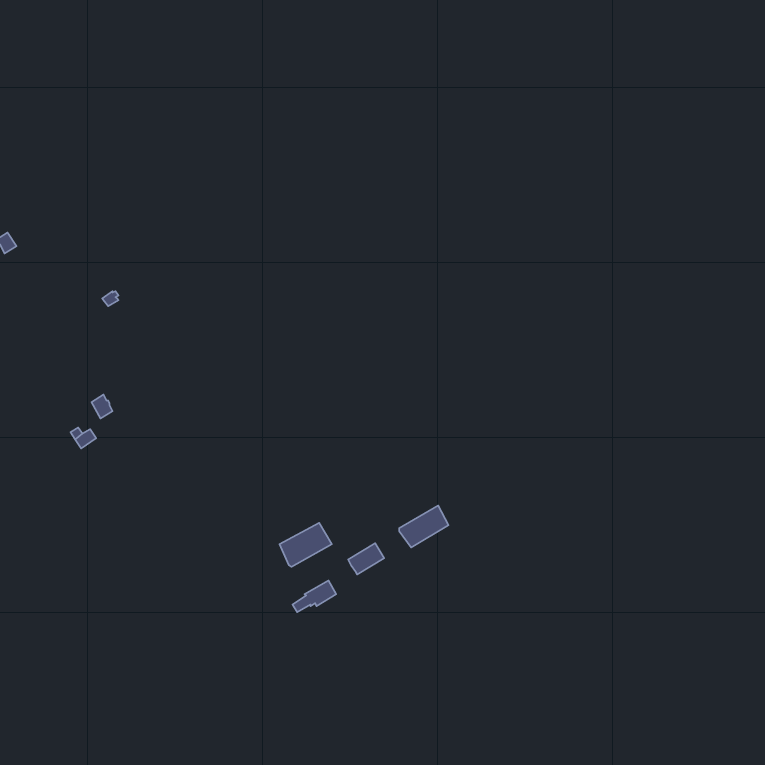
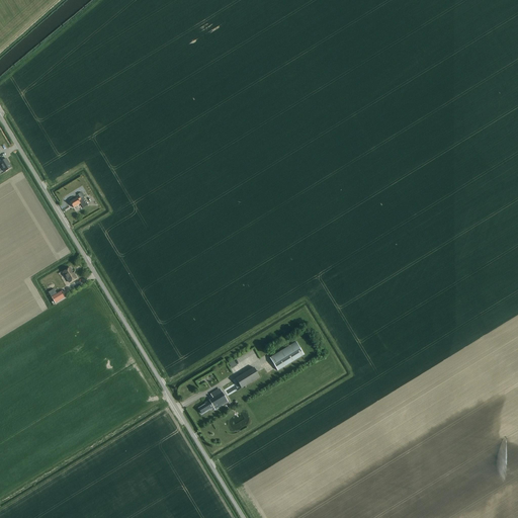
building: [280,523,332,567] -> none

